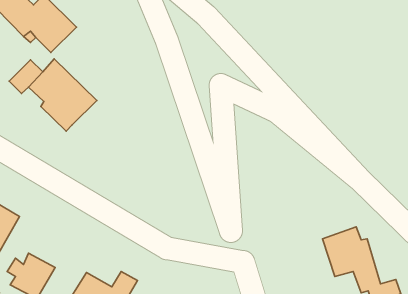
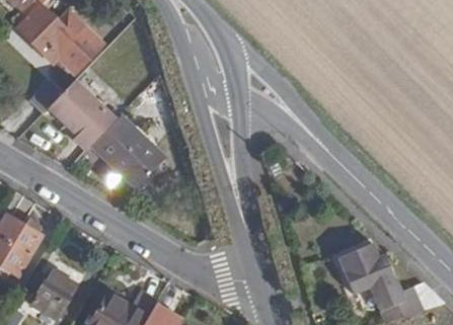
building: none -> [93,118,163,187]

